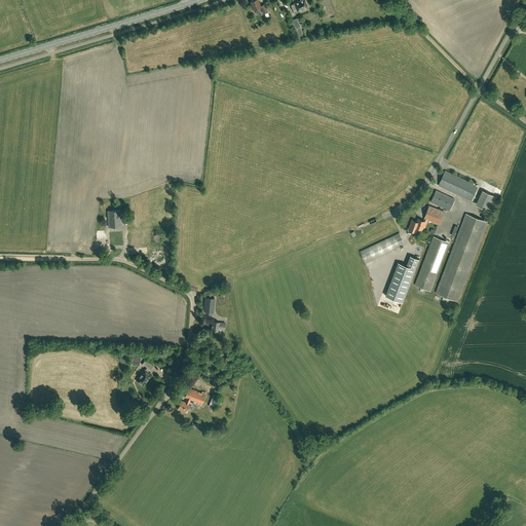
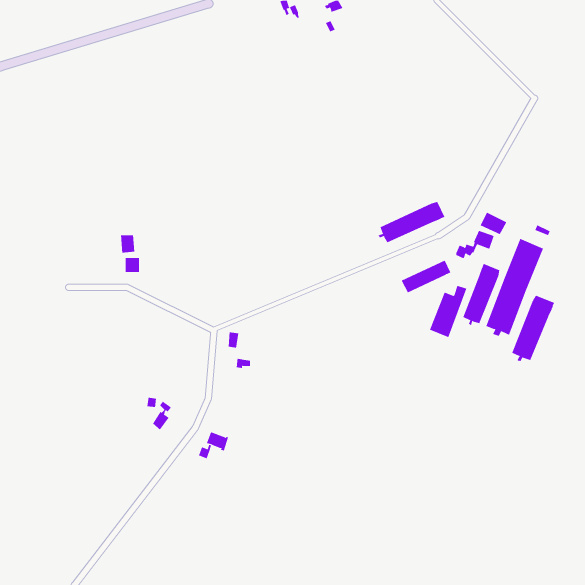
building: [439,171,478,201] -> none
building: none -> [377,201,445,243]
building: none -> [512,295,555,362]

